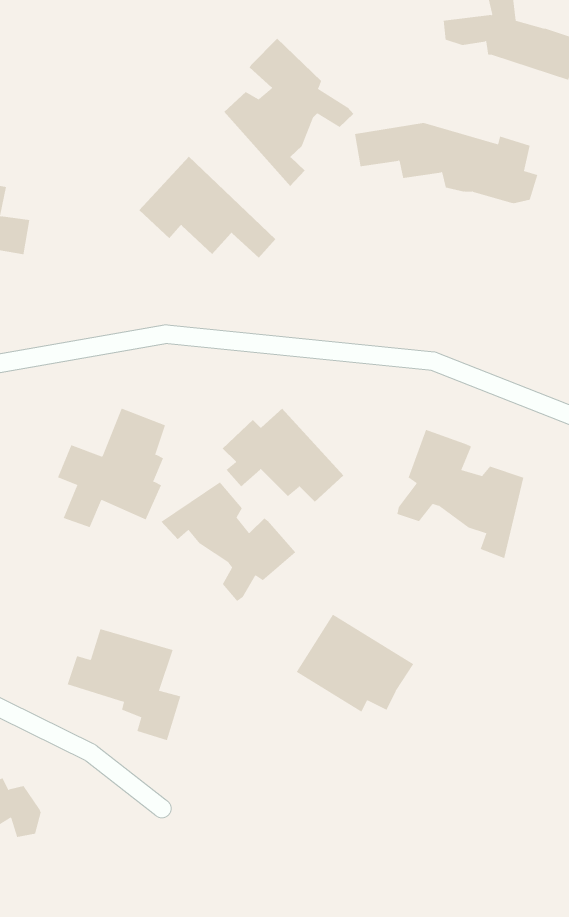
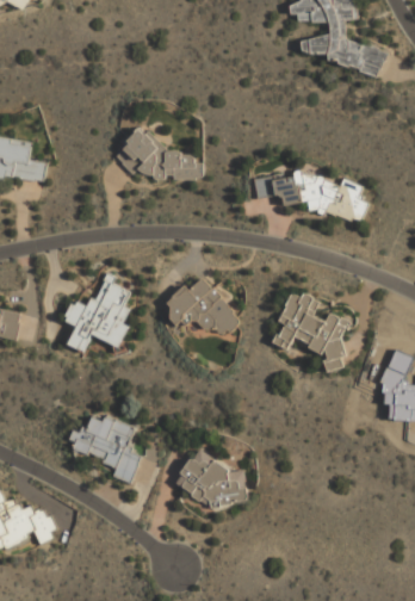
building: [224,38,354,187] -> none
building: [354,122,538,204] -> [253,171,366,221]
building: [161,481,296,602] -> none
building: [296,614,414,713] -> [174,448,247,509]

